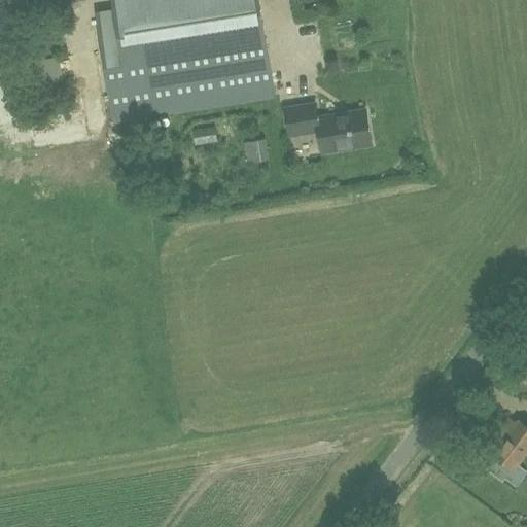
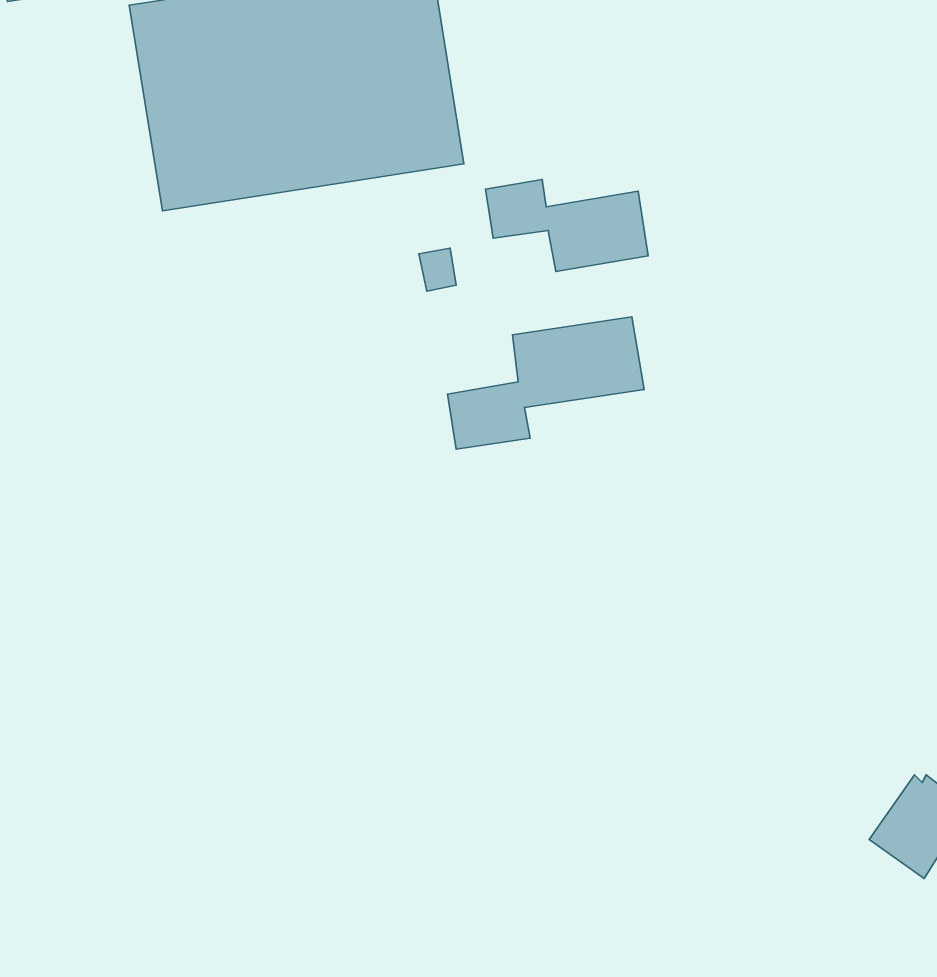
building: none -> [447,317,644,449]

